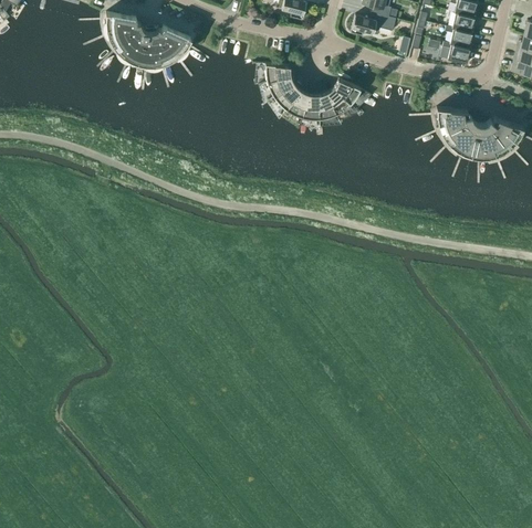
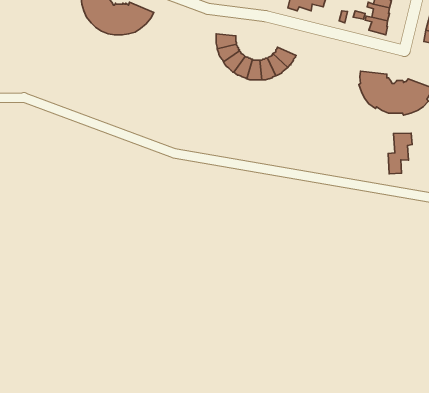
building: none -> [388,133,412,174]

